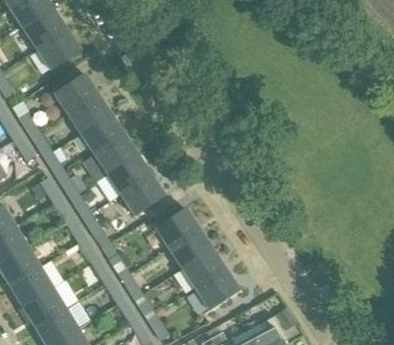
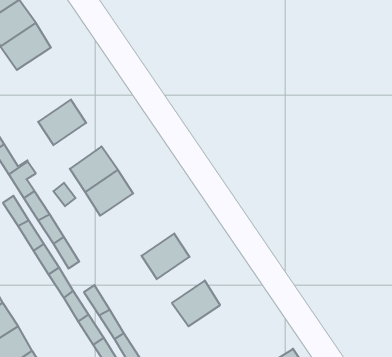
building: [56,74,97,113] -> none
building: [82,114,123,153] -> none
building: [122,175,164,214] -> none
building: [170,229,212,268] -> none
building: [198,270,239,308] -> none

